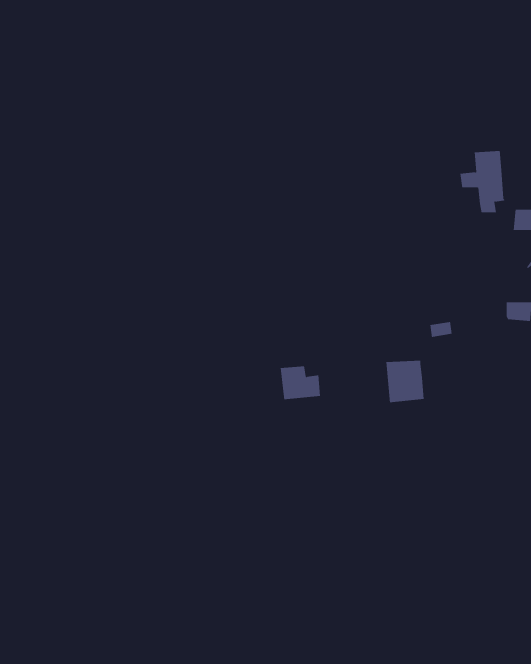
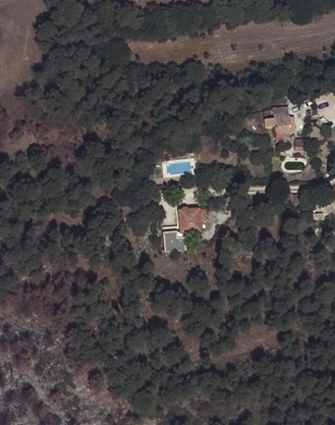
building: [385,360,425,403] -> [178,206,201,230]

